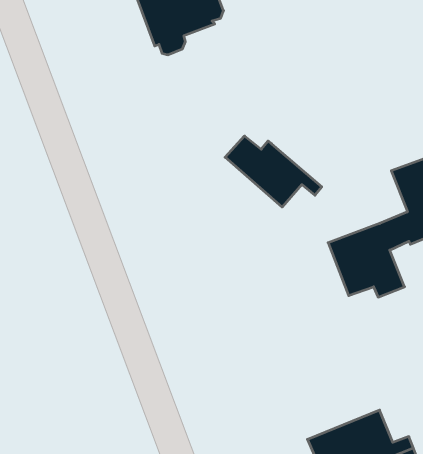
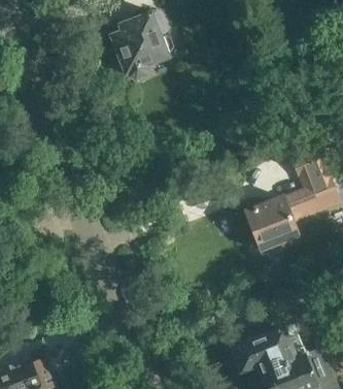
building: [225,136,322,207] -> none

